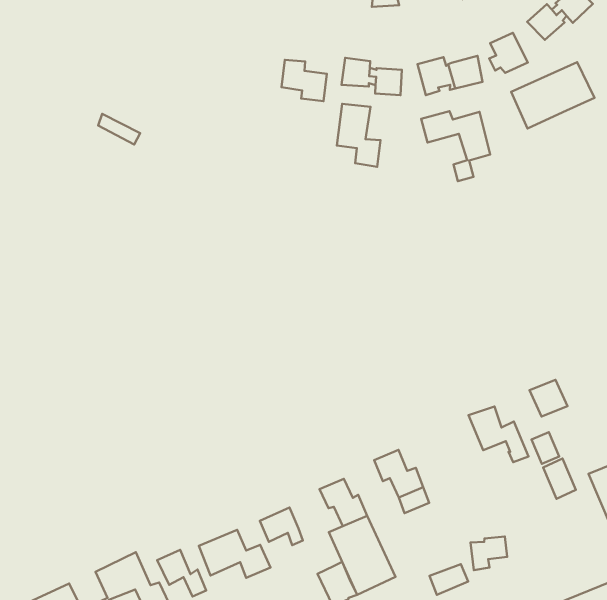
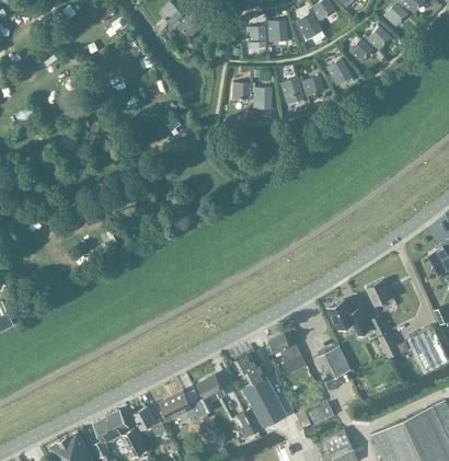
building: [282,60,327,101] -> none
building: [511,62,595,129] -> none
building: [337,104,380,167] -> none
building: [421,111,490,181] -> none
building: none -> [318,346,350,380]

